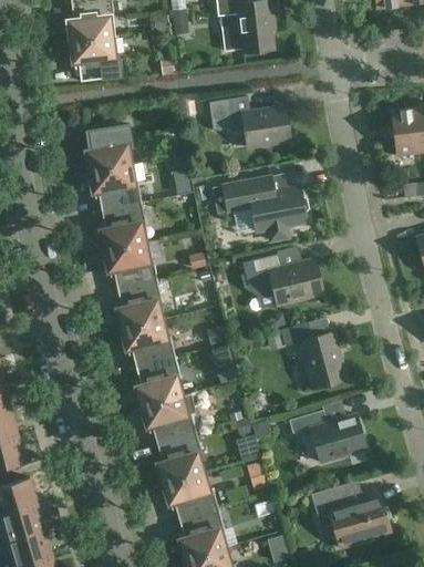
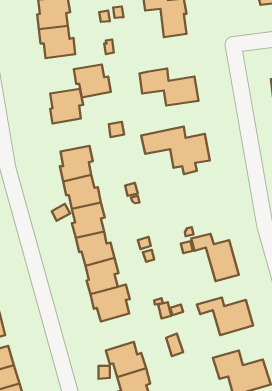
building: [90,165,141,210] -> [74,64,111,97]
building: [242,255,322,305] -> none
building: [156,433,201,484] -> none

